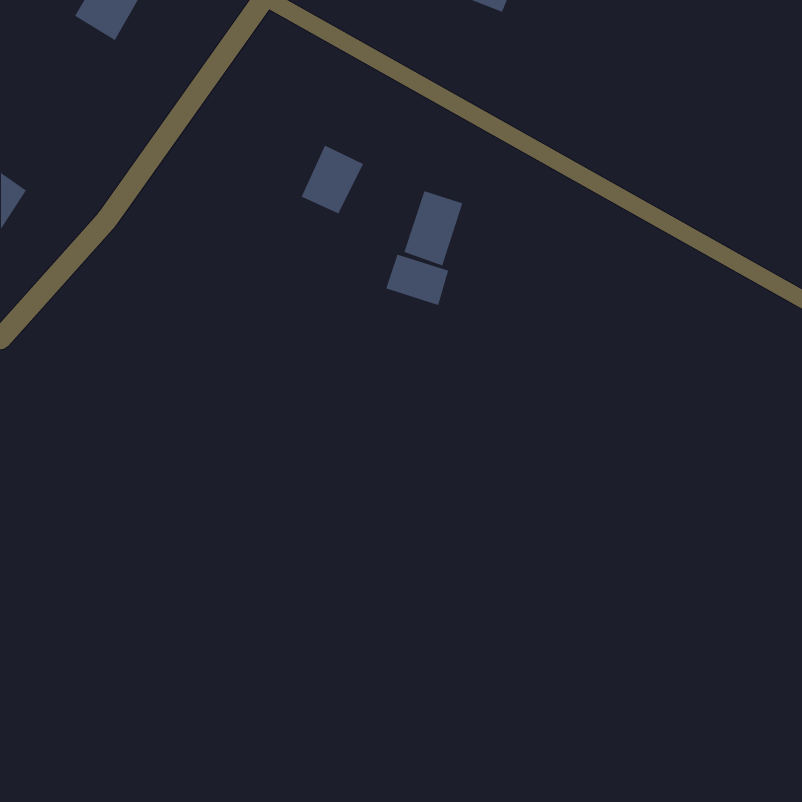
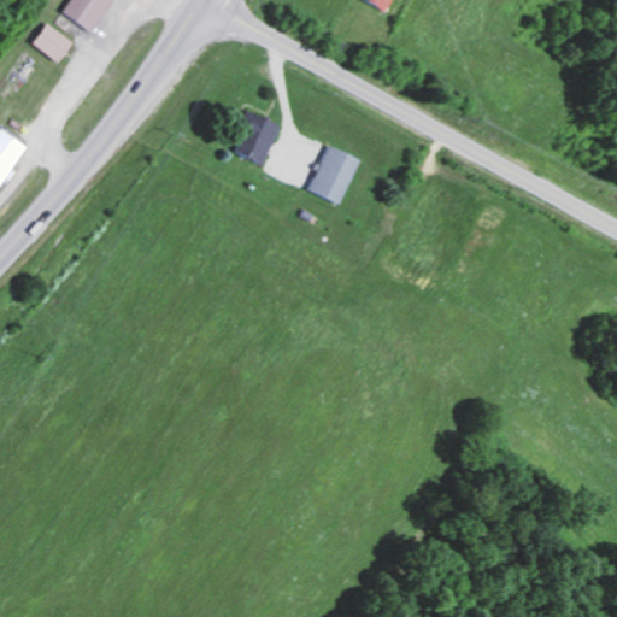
building: none -> [29,20,71,61]
building: [386,254,449,306] -> none

